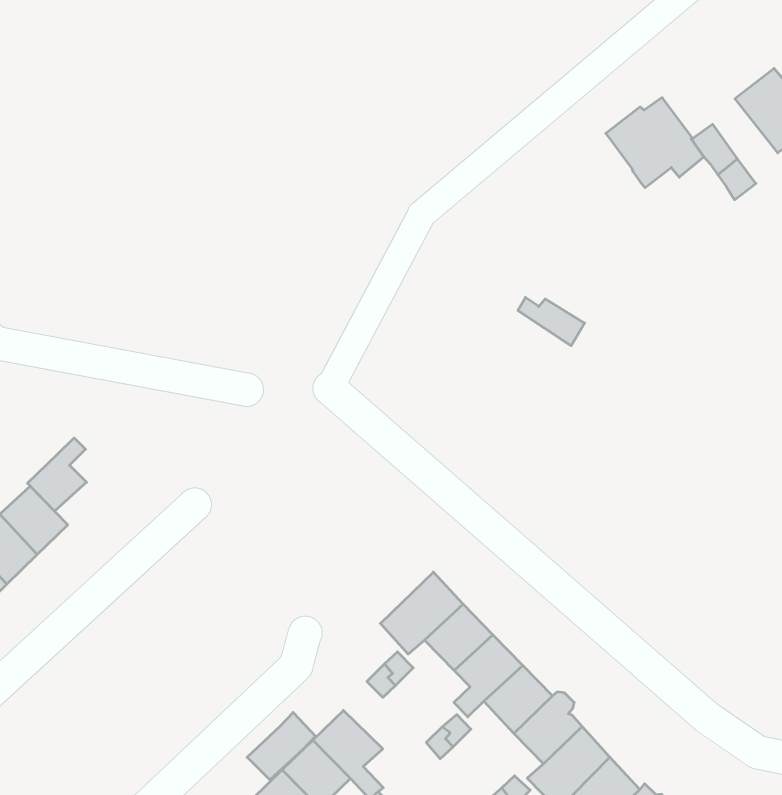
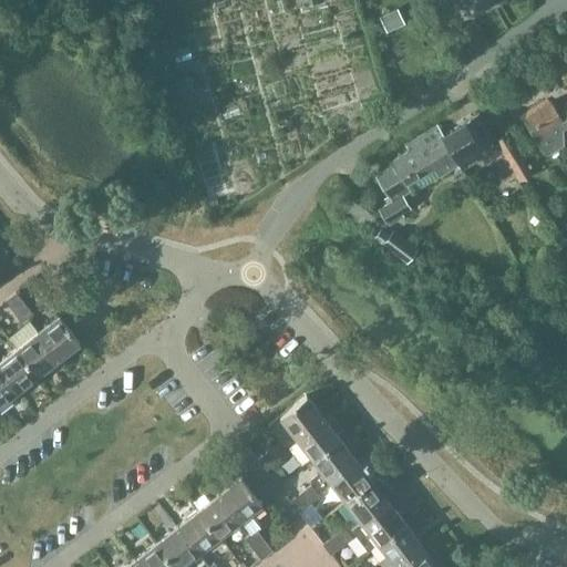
building: none -> [379,131,461,229]
building: [27,438,87,511] -> none
building: [247,712,316,780] -> none

